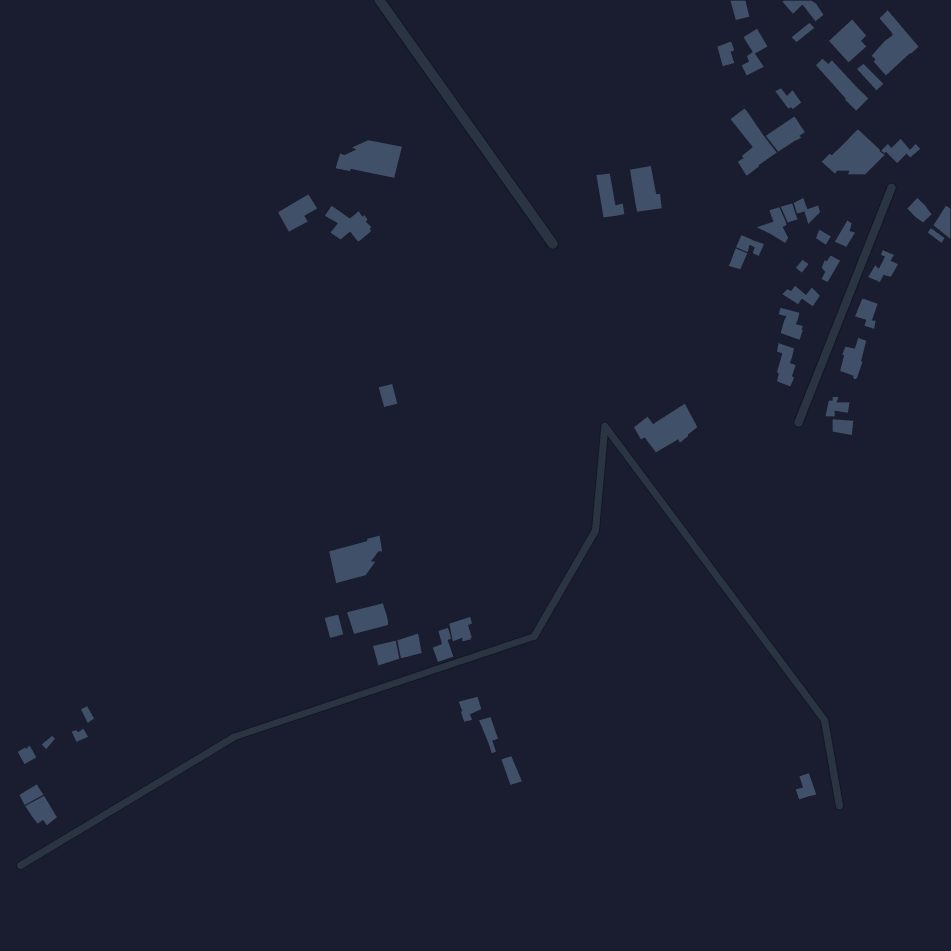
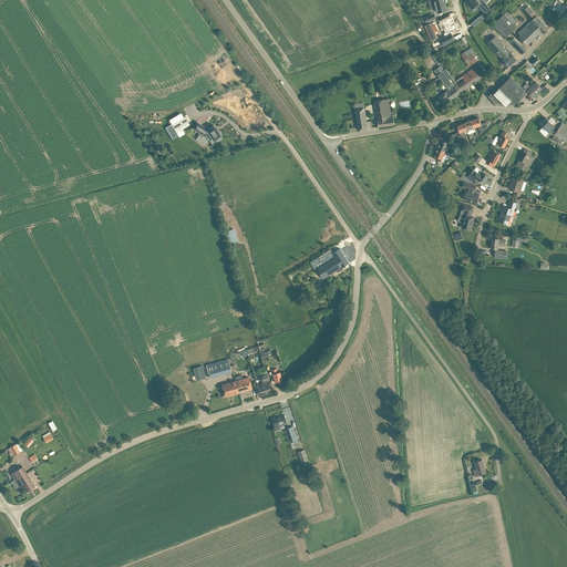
building: [335,139,402,178] -> none
building: [633,403,698,453] -> [310,248,349,278]
building: [329,535,383,584] -> none

